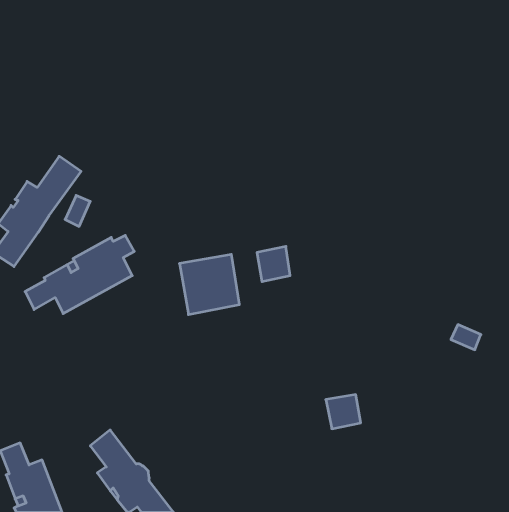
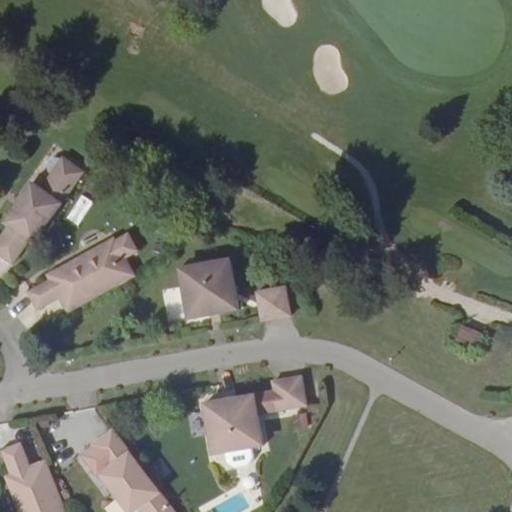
building: [257,246,290,282] -> [254,286,287,321]
building: [326,395,361,429] -> [269,373,304,407]
building: none -> [203,400,265,461]

